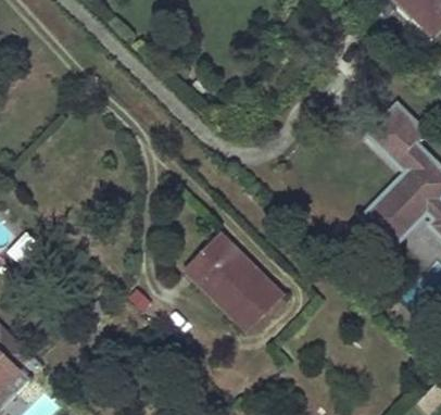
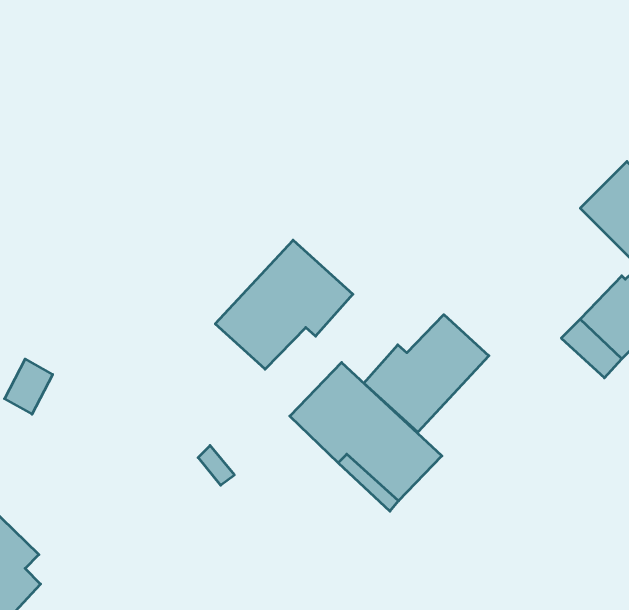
building: none -> [215,240,353,369]
building: none -> [364,315,489,432]

